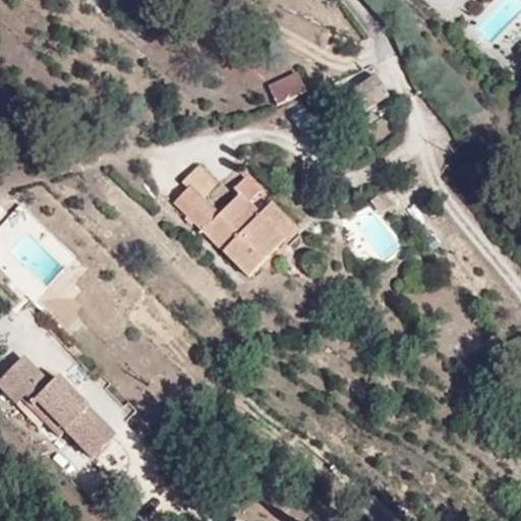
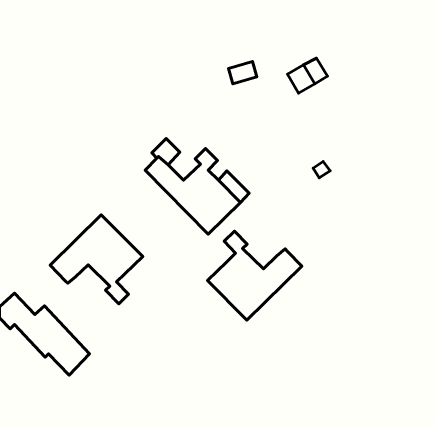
building: none -> [50,215,143,304]
building: none -> [207,231,302,320]

